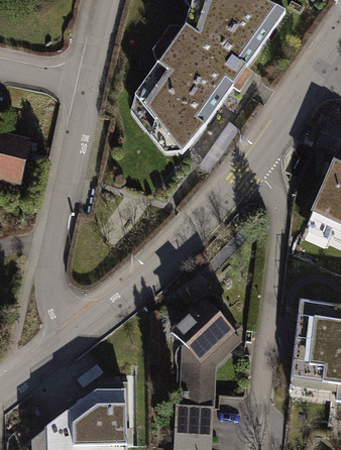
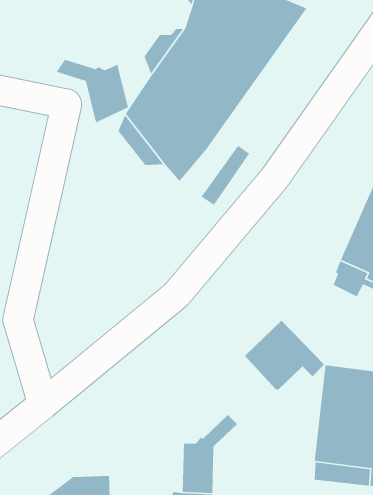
building: none -> [56,59,129,124]
building: [175,301,240,358] -> [244,320,325,391]

